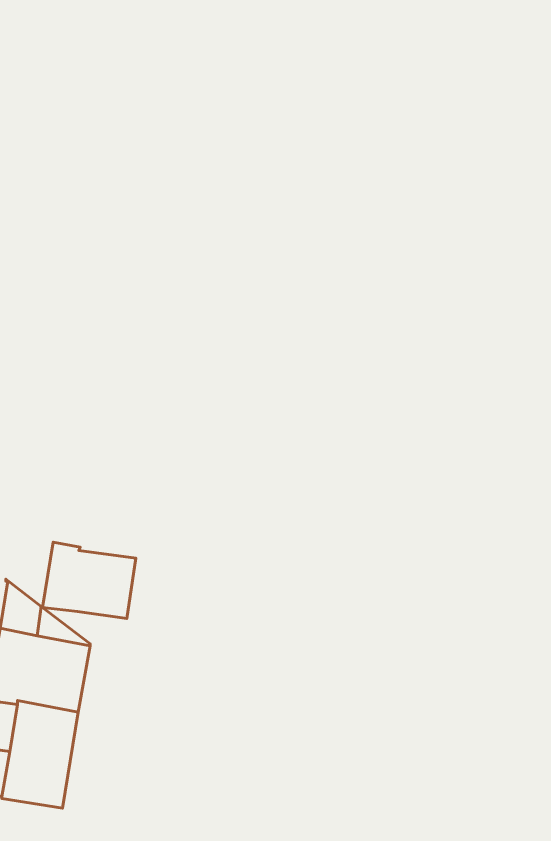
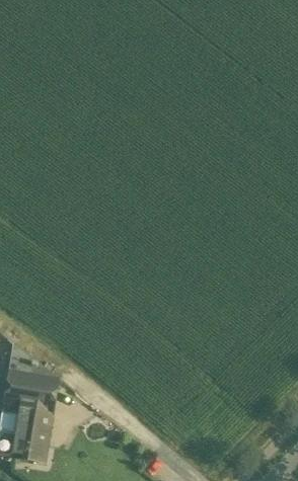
building: [42,542,136,618] -> none

